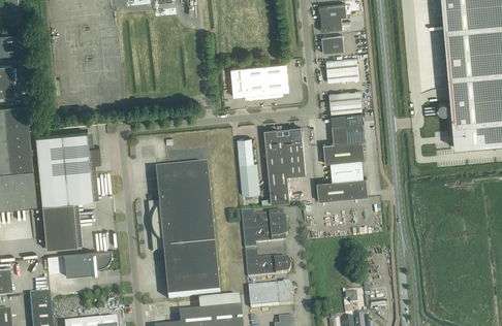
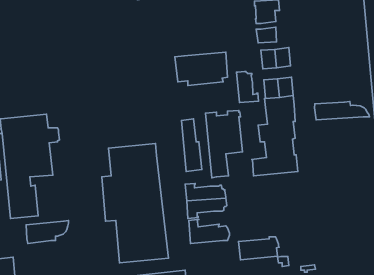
building: none -> [237,71,258,102]
building: none -> [315,102,369,120]
building: [248,281,293,306] -> [239,237,279,260]

